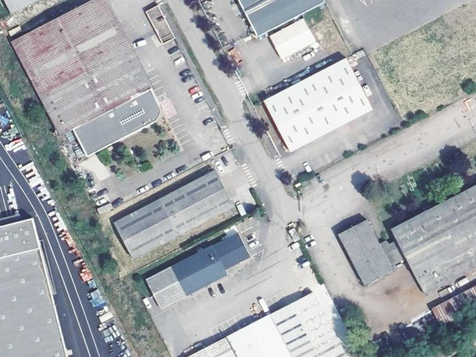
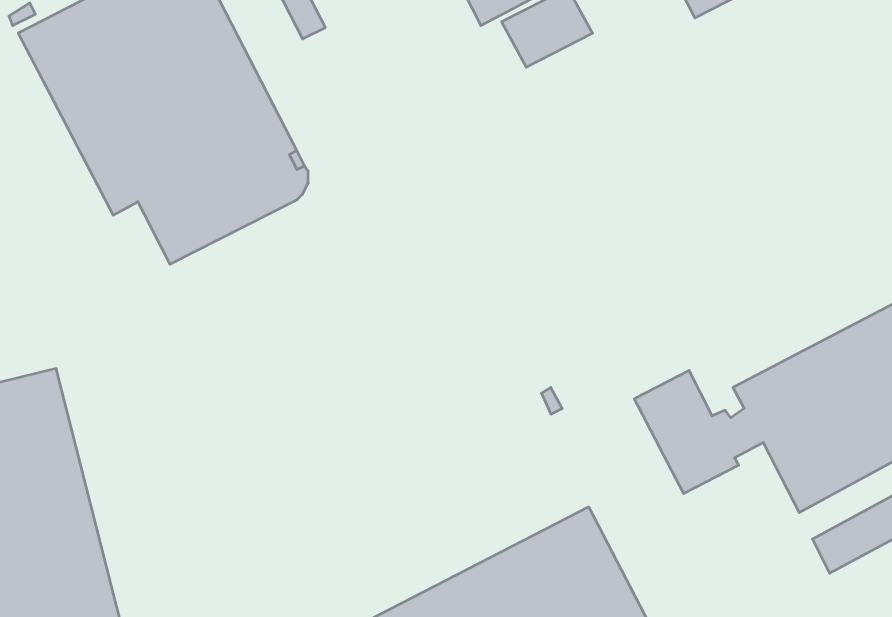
building: [262,58,371,151] -> none
building: [114,170,234,258] -> none
building: [145,232,250,309] -> none

